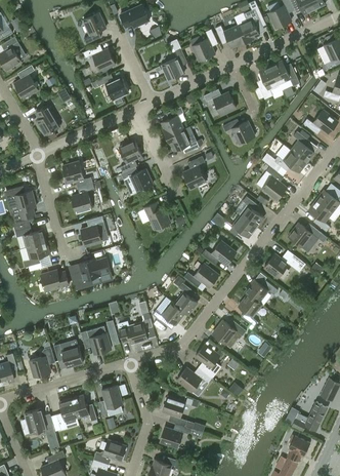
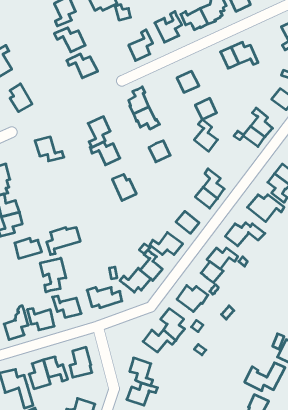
building: [262,166,287,200] -> [194,119,218,151]
building: [72,184,94,213] -> none
building: [81,216,103,246] -> none
building: none -> [40,258,66,292]

